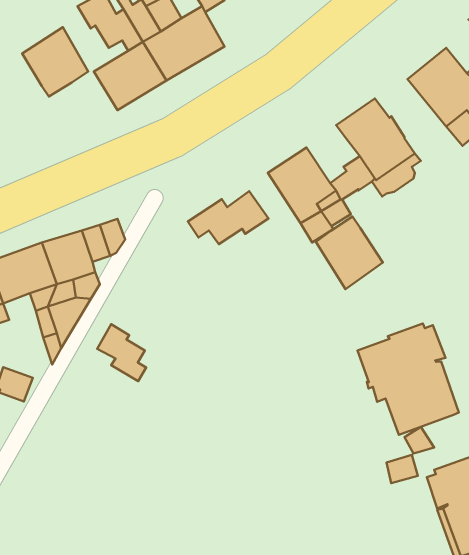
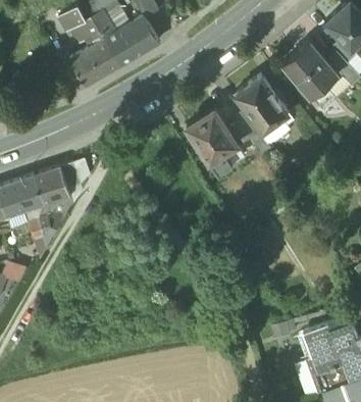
building: [22,27,88,97] -> none
building: [188,191,269,244] -> none
building: [316,217,383,289] -> none
building: [357,324,459,435] -> none
building: [97,324,146,381] -> none

